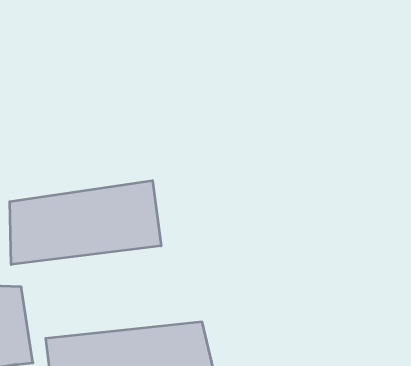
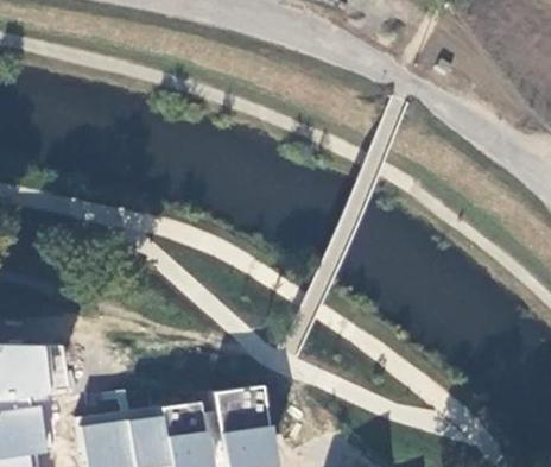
building: [10,181,161,265] -> none

